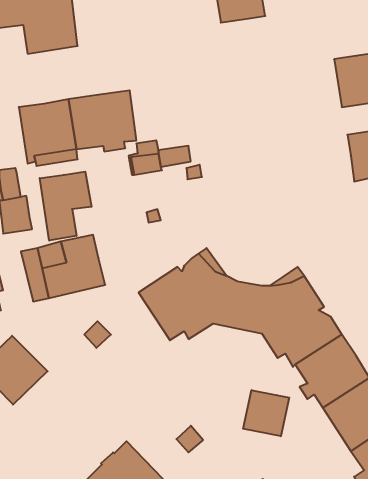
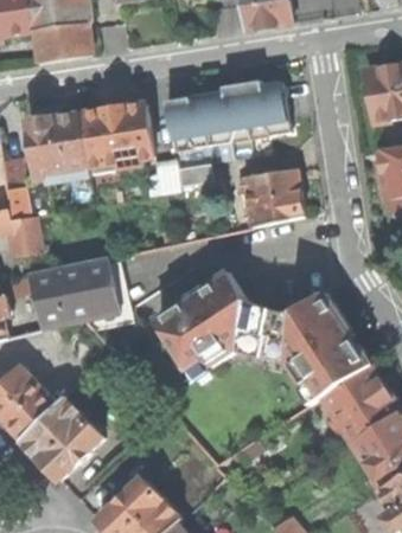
building: none -> [165,82,289,148]
building: none -> [236,168,302,225]
building: [40,172,92,241] -> none
building: none -> [20,394,102,477]
building: [243,390,289,436] -> none

